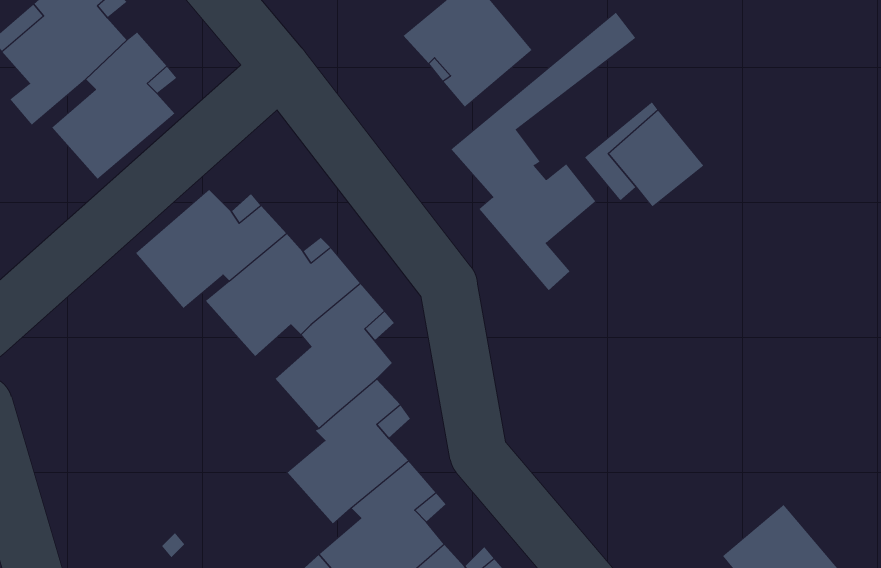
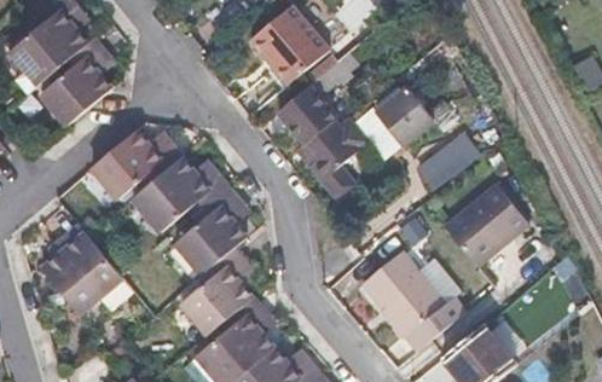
building: none -> [416,132,476,187]
building: none -> [446,189,533,272]
building: none -> [44,228,125,318]
building: none -> [370,249,465,346]

